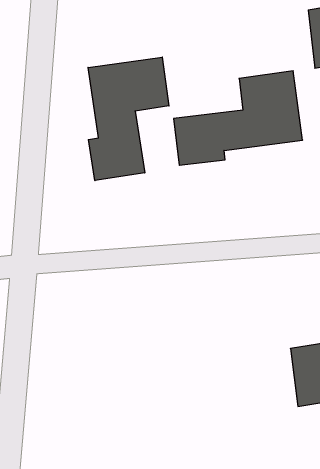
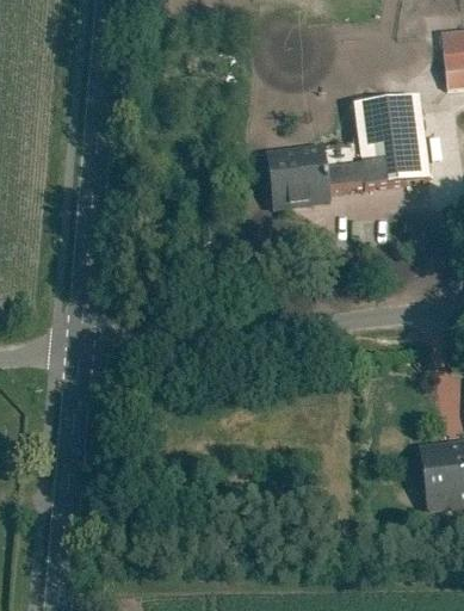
building: [88,57,169,181] -> none

